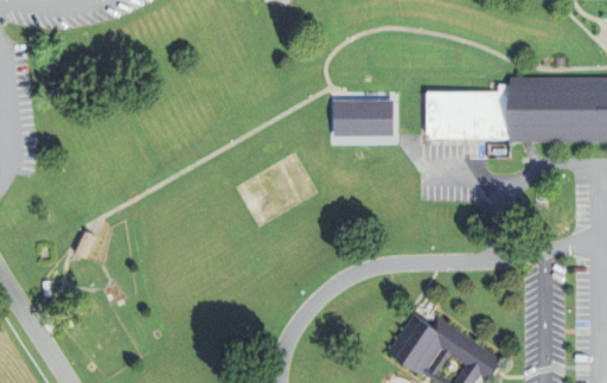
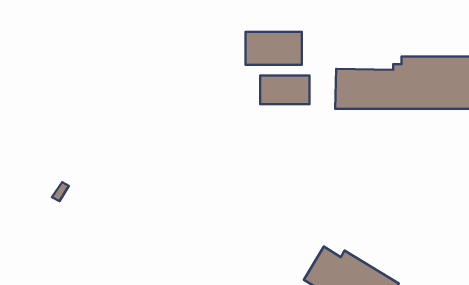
building: none -> [246,32,302,65]

